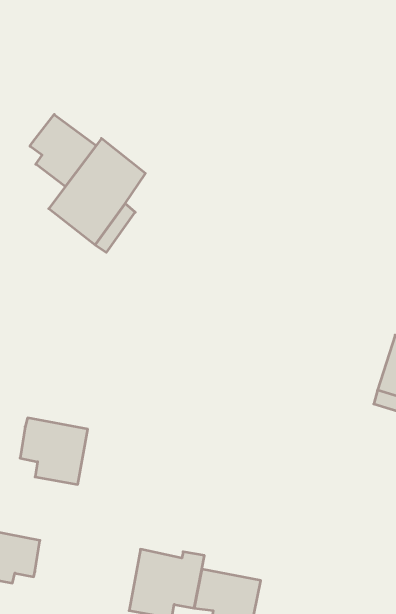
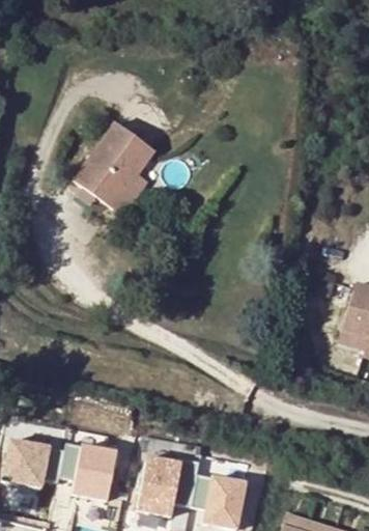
building: [30,114,96,186] -> none
building: [20,418,88,484] -> [60,444,116,499]

